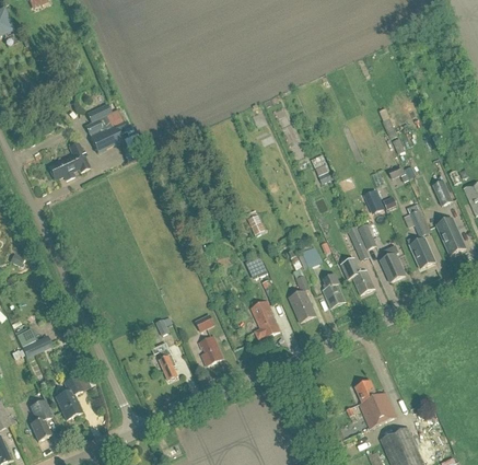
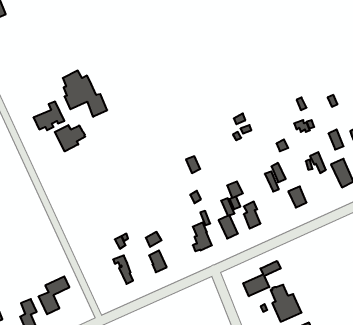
building: none -> [55,125,85,151]
building: [407,235,434,267] -> none
building: [341,257,374,293] -> none
building: [11,318,53,358] -> none
building: none -> [243,261,281,296]

